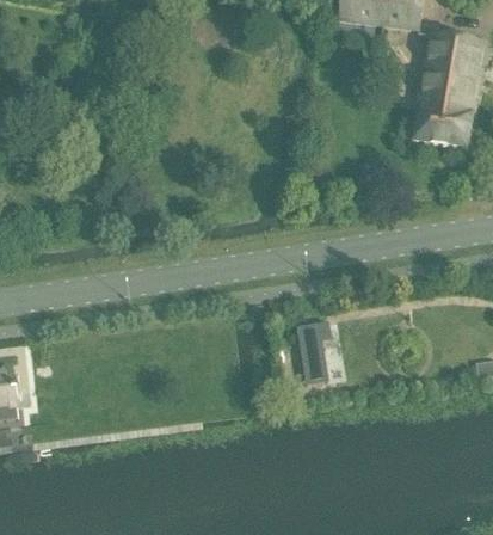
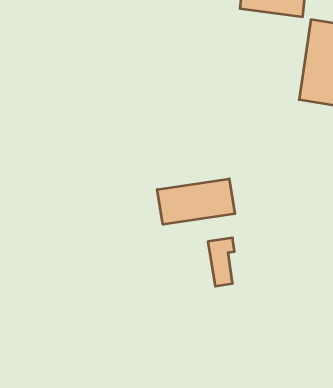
building: none -> [157,179,235,224]

